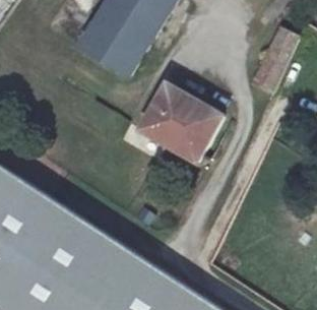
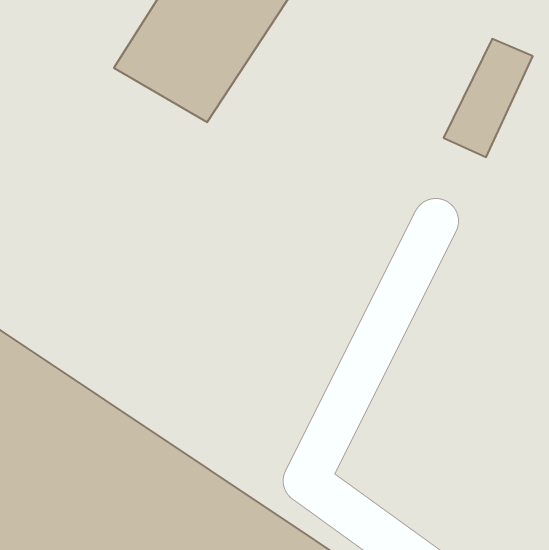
building: [134,77,216,157] -> none

